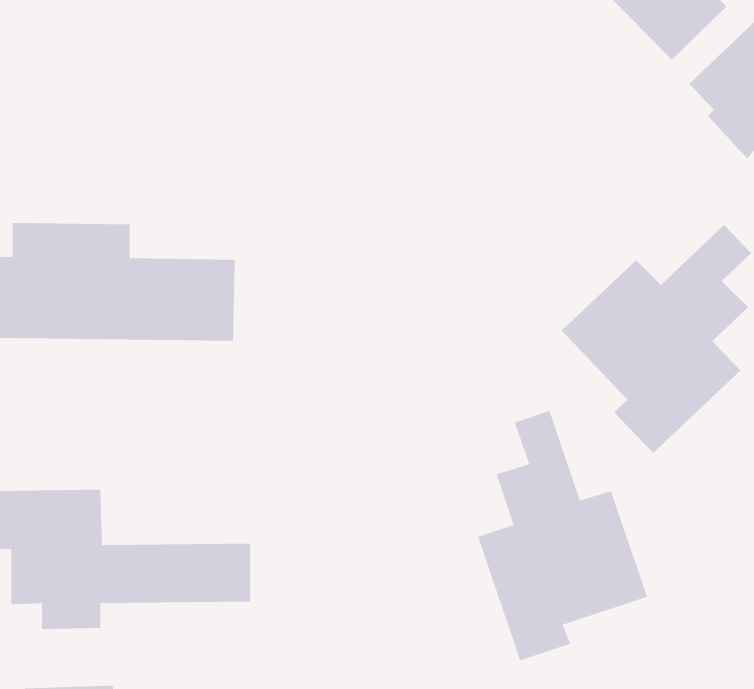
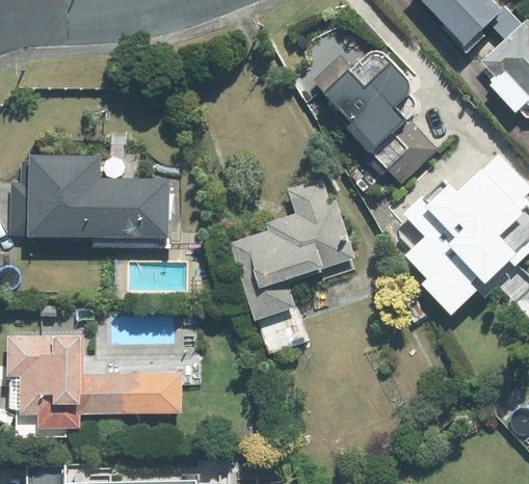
building: none -> [311,47,438,185]
building: none -> [228,179,356,326]
building: [477,410,648,661] -> none

